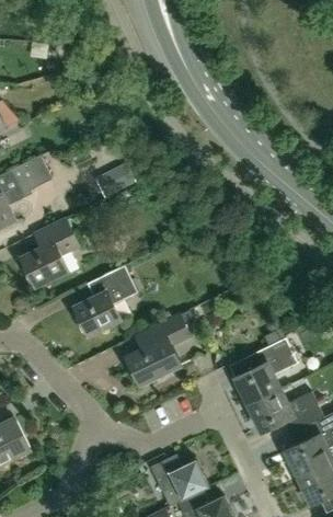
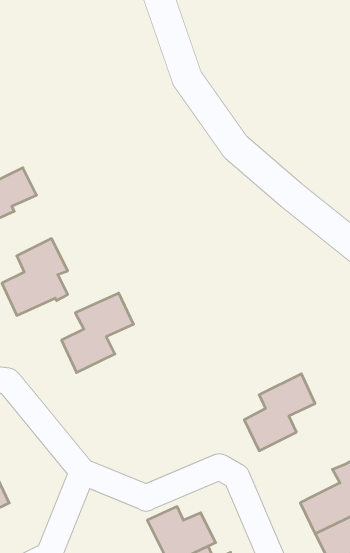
building: [94,162,136,197] -> none
building: [126,315,190,386] -> none
building: [248,389,323,434] -> none

